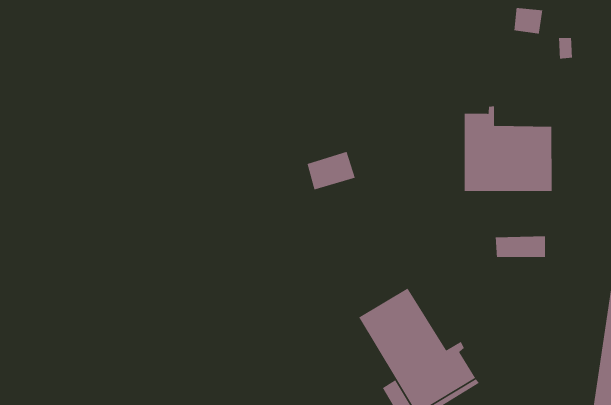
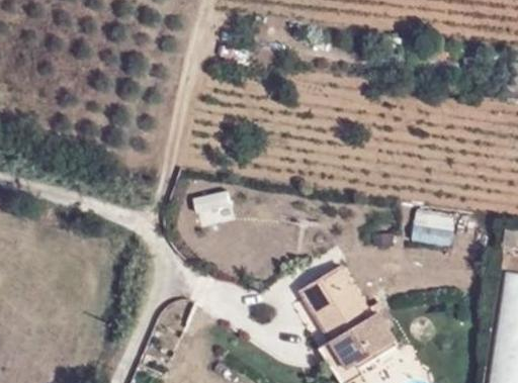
building: [464,106,552,192] -> none
building: [306,151,356,191] -> [195,188,236,220]

